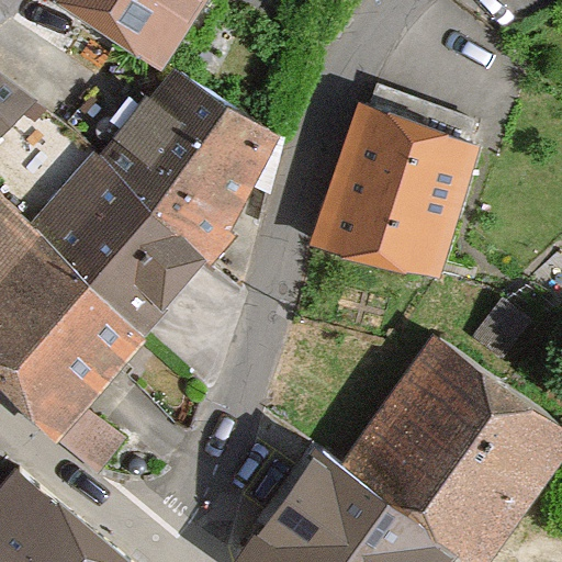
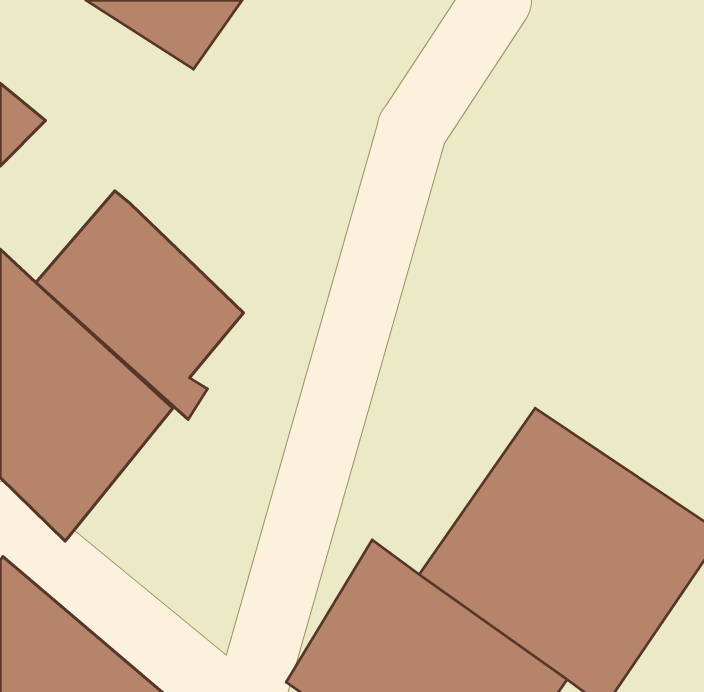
building: [105,70,274,273] -> none
building: [312,102,480,288] -> none

